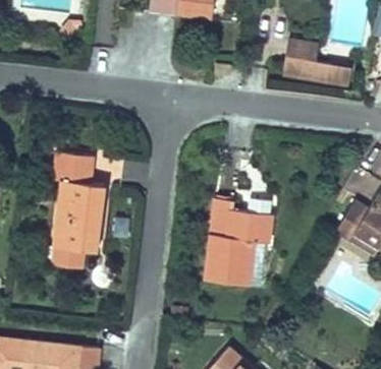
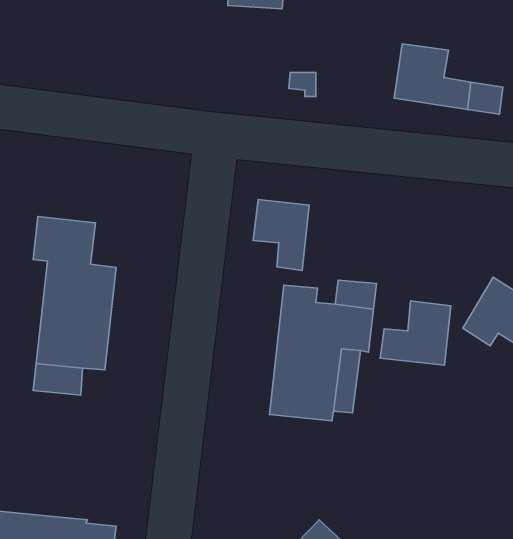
building: none -> [253,200,309,270]
building: none -> [380,301,451,365]

